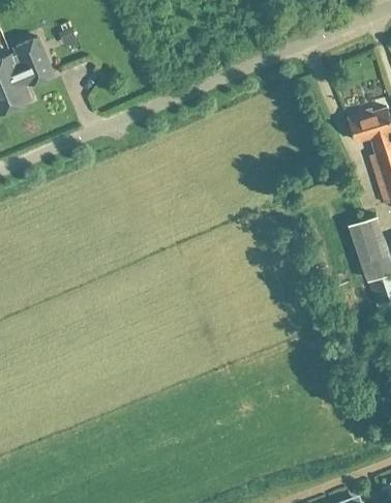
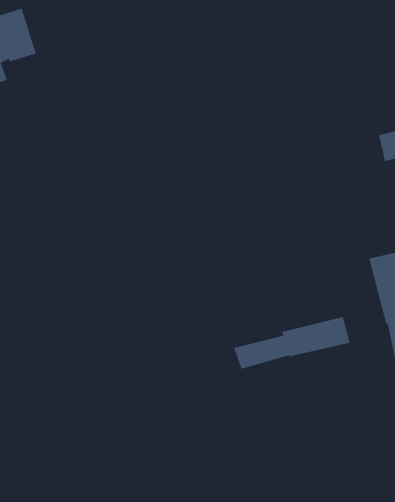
building: none -> [233,316,350,370]

